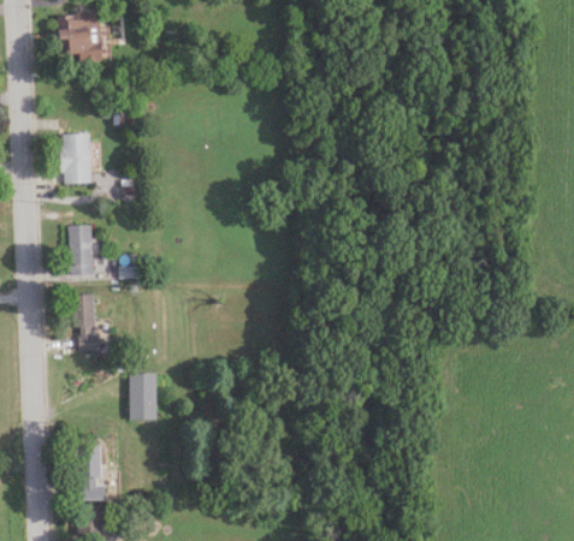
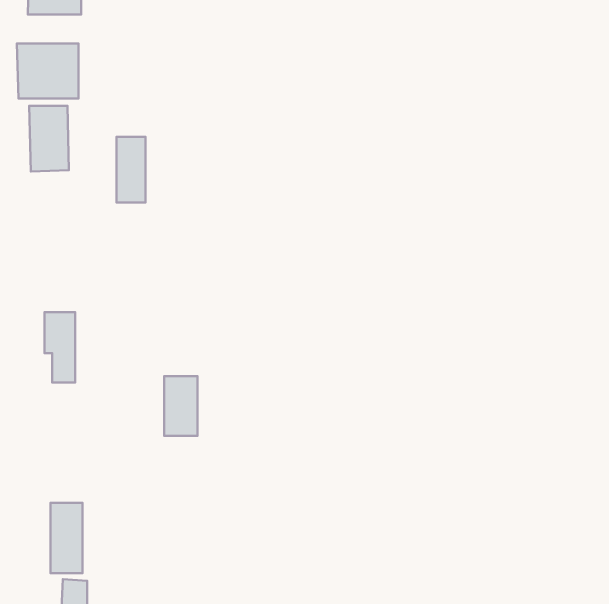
building: none -> [17,43,78,98]
building: [70,227,93,279] -> [117,137,145,203]
building: [130,374,156,421] -> [164,376,198,436]

